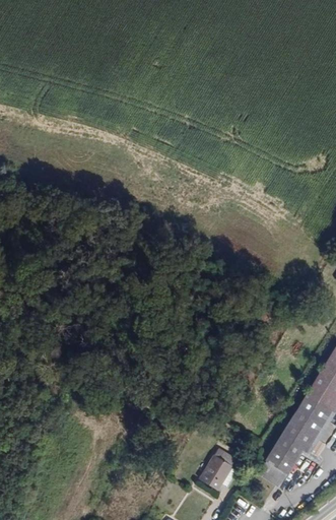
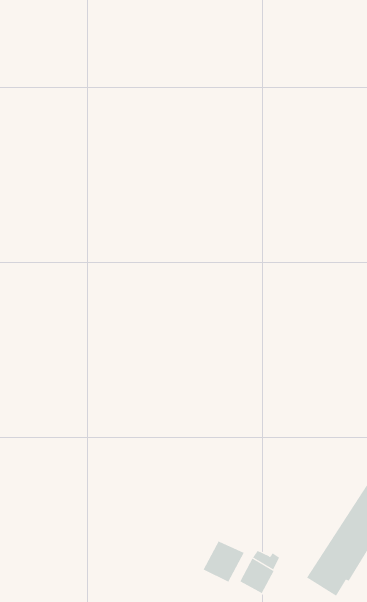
building: none -> [203,540,244,582]

